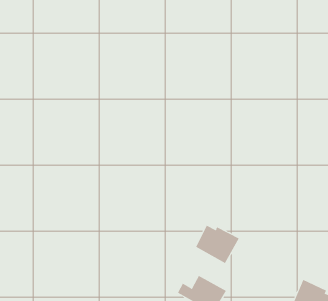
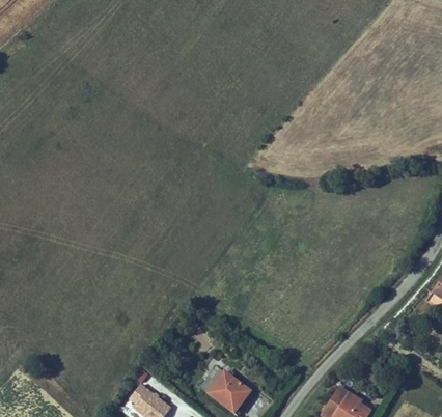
building: [195,225,239,264] -> none

